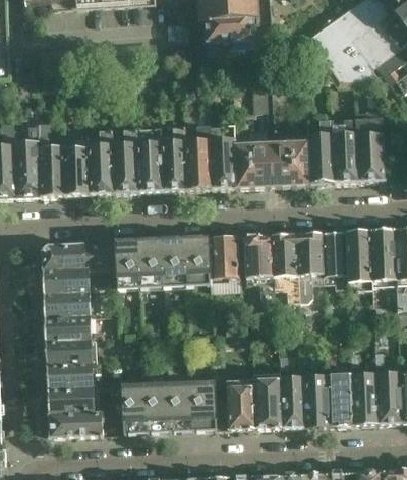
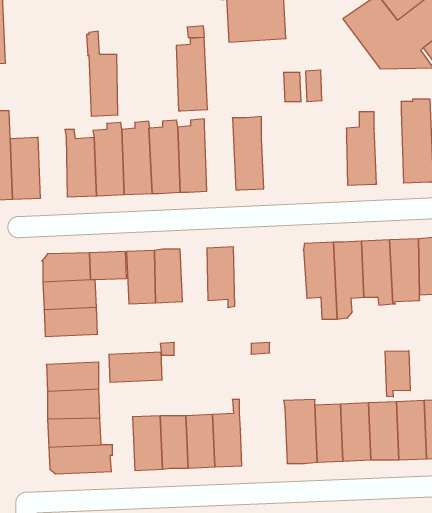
building: [333,118,358,182] -> none
building: [37,120,64,194] -> [87,31,118,116]
building: [184,124,212,188] -> [176,37,208,111]
building: [234,140,309,186] -> none
building: [244,234,275,302] -> none
building: [210,236,240,289] -> none
building: [163,238,187,285] -> none
building: [45,313,92,340] -> [109,352,162,382]
building: none -> [385,351,410,397]
building: [216,377,256,428] -> none

